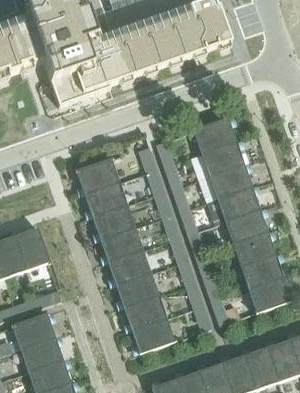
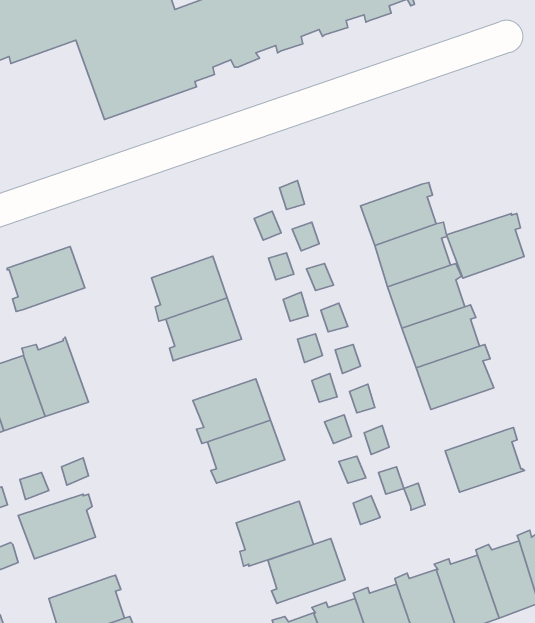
building: [192,117,235,153] -> [447,213,524,278]
building: [76,158,119,194] -> [7,247,85,311]
building: [100,227,143,262] -> none
building: [240,253,283,289] -> none
building: [124,294,167,330] -> [268,539,345,603]
building: [20,336,62,371] -> none

